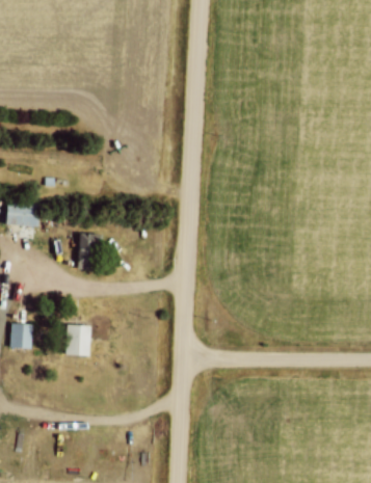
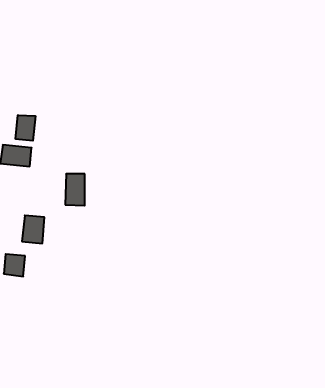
building: none -> [16,115,35,141]
building: [64,325,89,356] -> [22,215,44,243]

